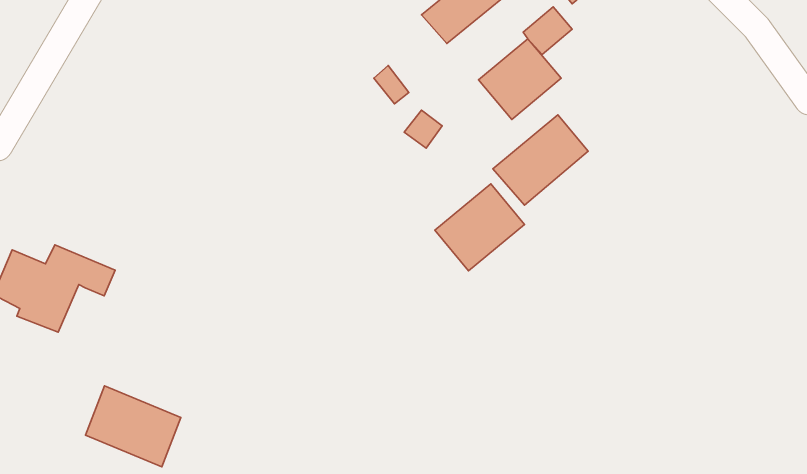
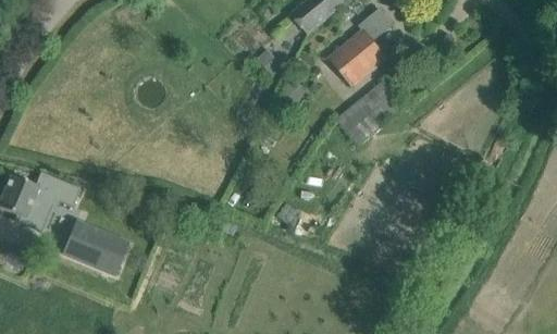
building: [435,184,524,271] -> none
building: [86,386,181,467] -> [62,219,127,274]

